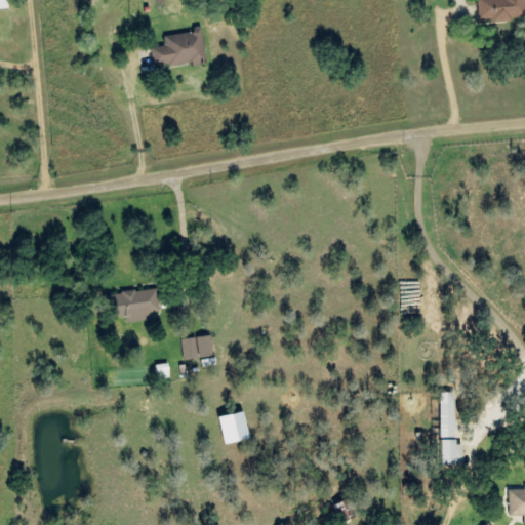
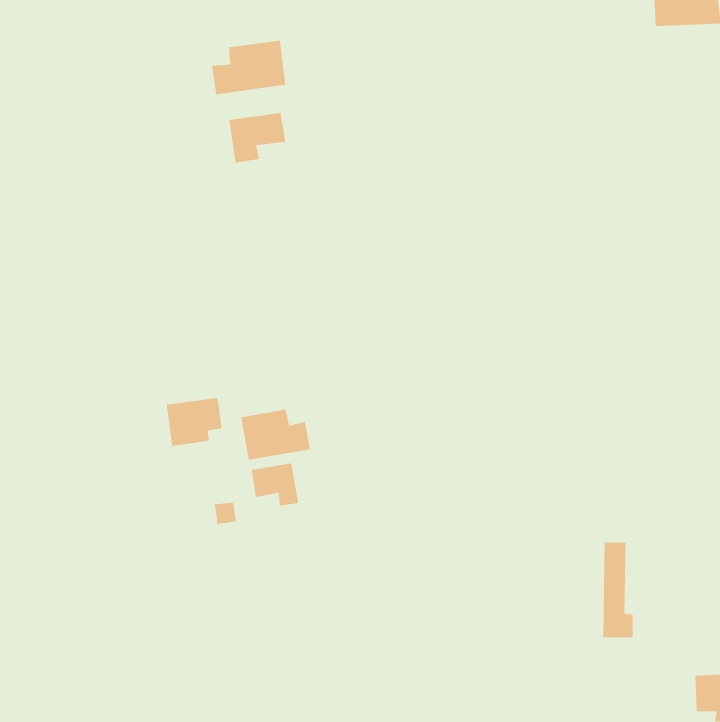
building: none -> [229,112,286,164]
building: none -> [240,409,311,461]
building: [215,411,247,443] -> none

